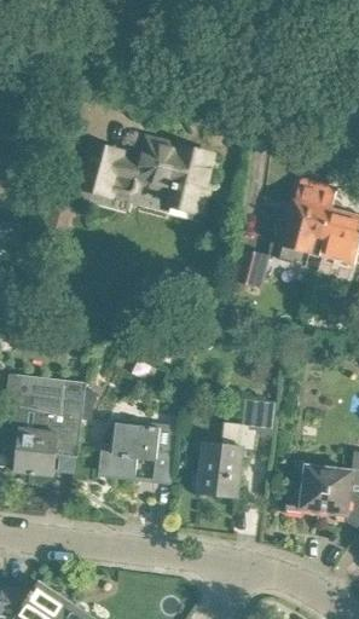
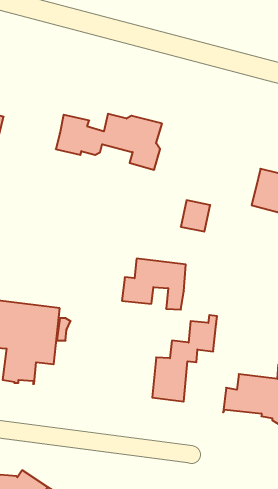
building: [278,180,335,265] -> none
building: [97,421,175,484] -> [122,259,186,310]

